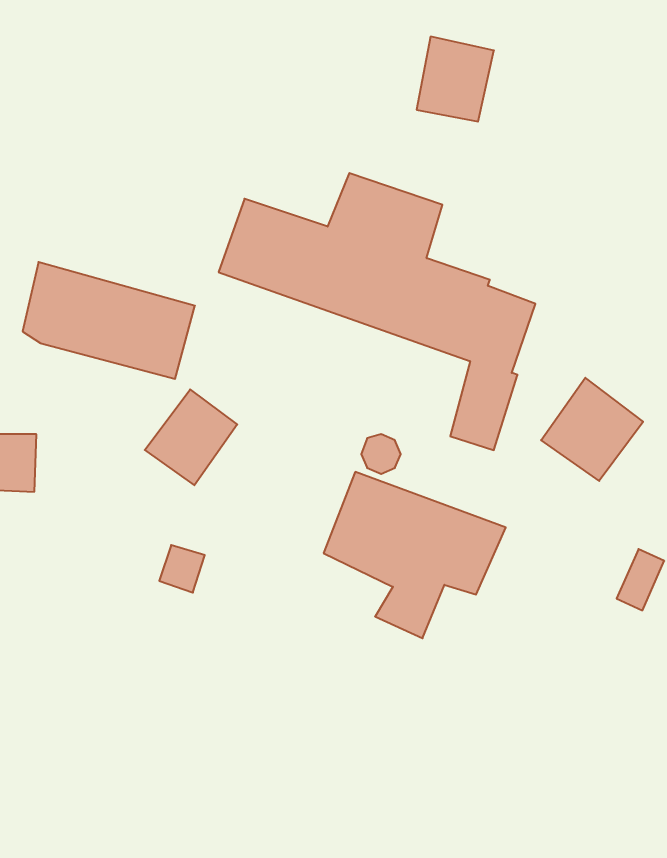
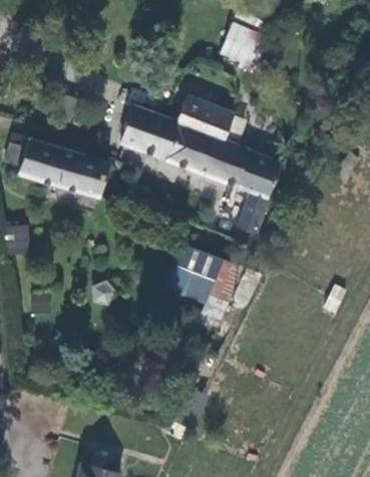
building: [541,378,643,481] -> none
building: [145,389,237,485] -> none

